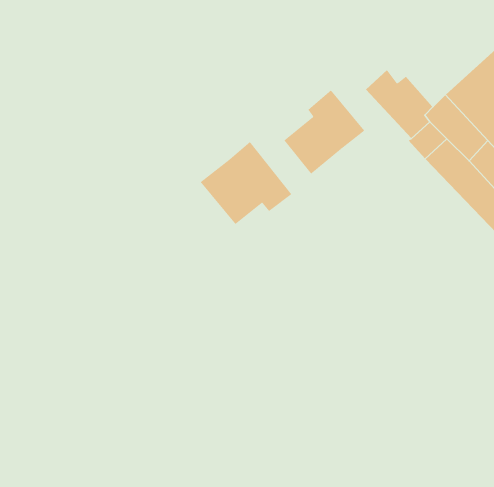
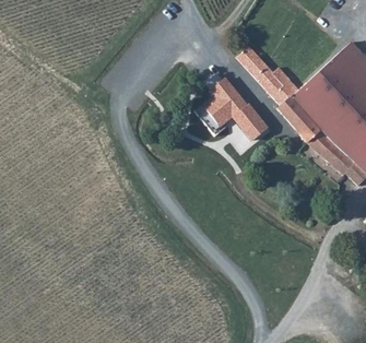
building: none -> [234,46,265,78]
building: none -> [236,104,272,142]
building: [200,141,292,225] -> none

